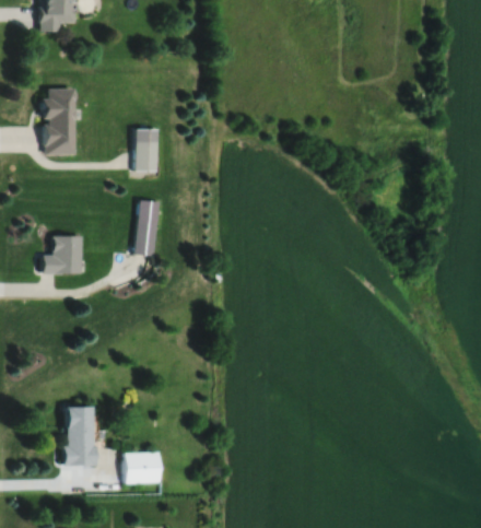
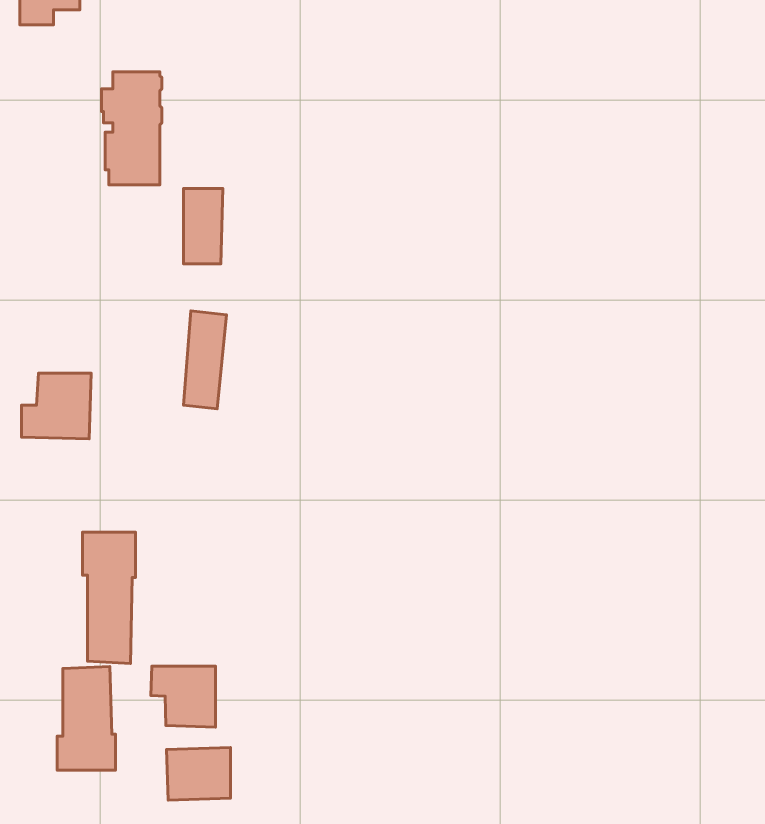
building: [40,90,75,155] -> [101,72,162,185]
building: none -> [82,532,136,663]
building: none -> [151,666,216,727]

